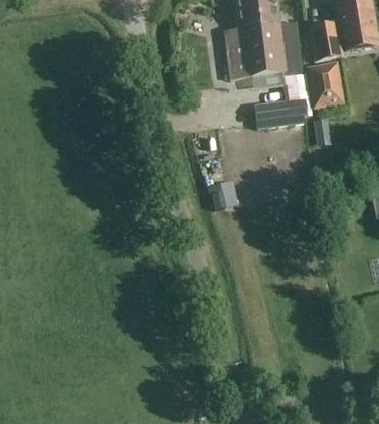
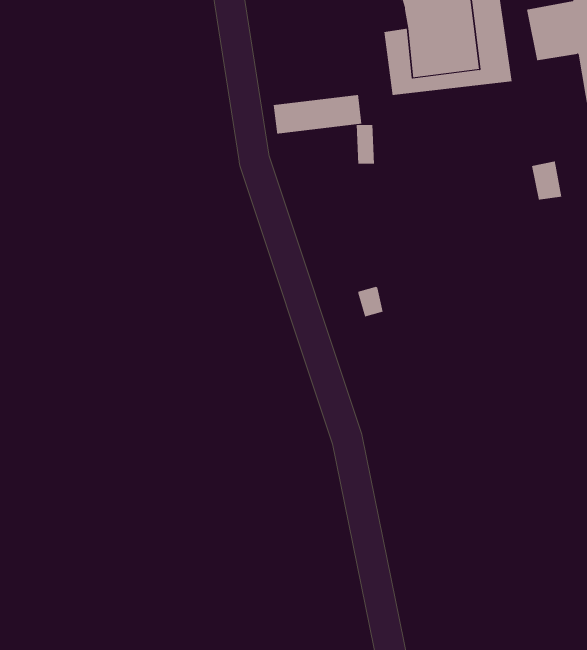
building: [310,63,341,107] -> none
building: [255,97,308,121] -> [273,95,362,134]

